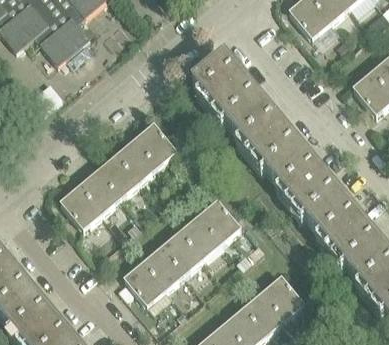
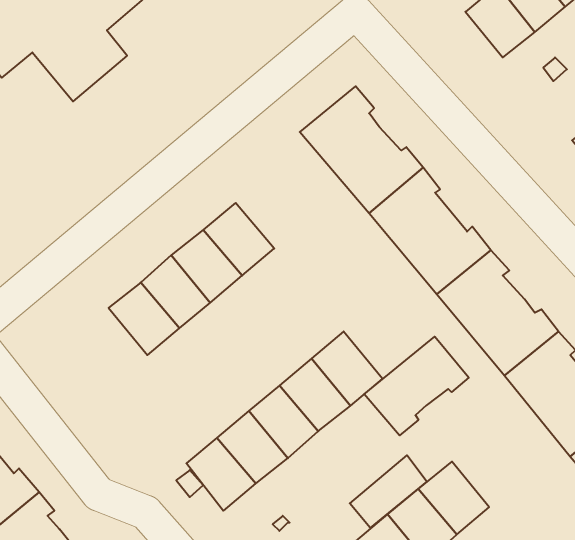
building: [63,183,104,226] -> none
building: none -> [364,337,469,435]
building: none -> [350,455,427,528]

